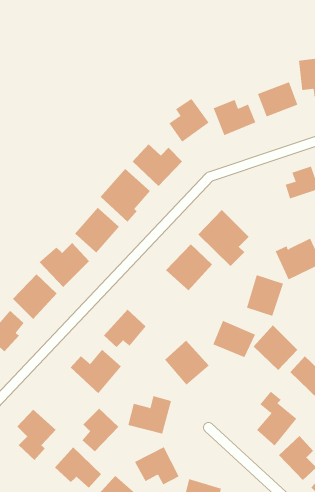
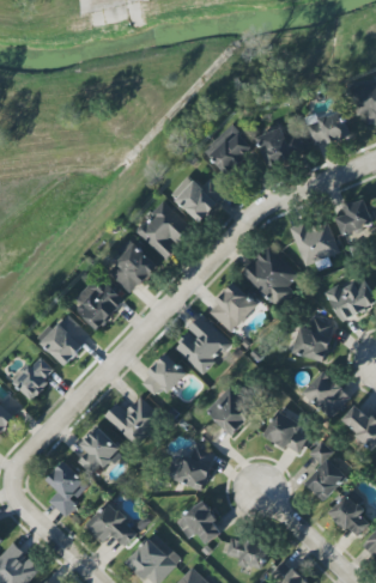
building: none -> [289,220,338,271]
building: none -> [172,317,229,375]
building: [213,320,256,358] -> [263,412,310,453]
building: [81,408,119,452] -> [78,426,119,474]

